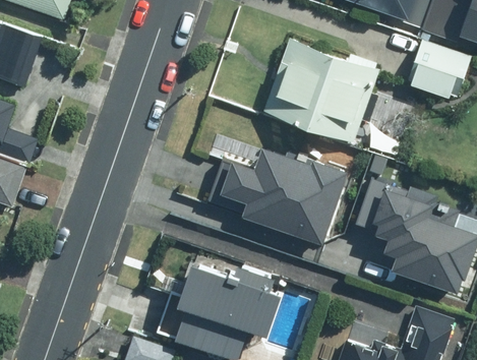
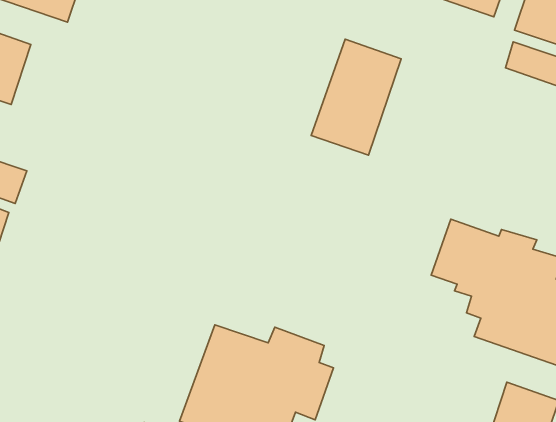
building: [306,53,378,143] -> none
building: [219,145,346,243] -> none

